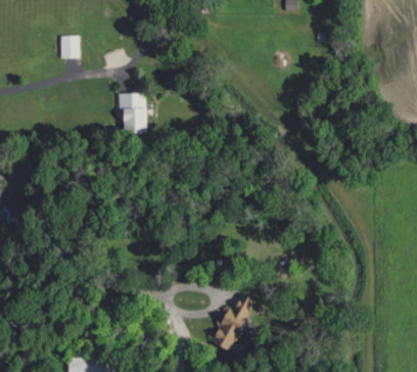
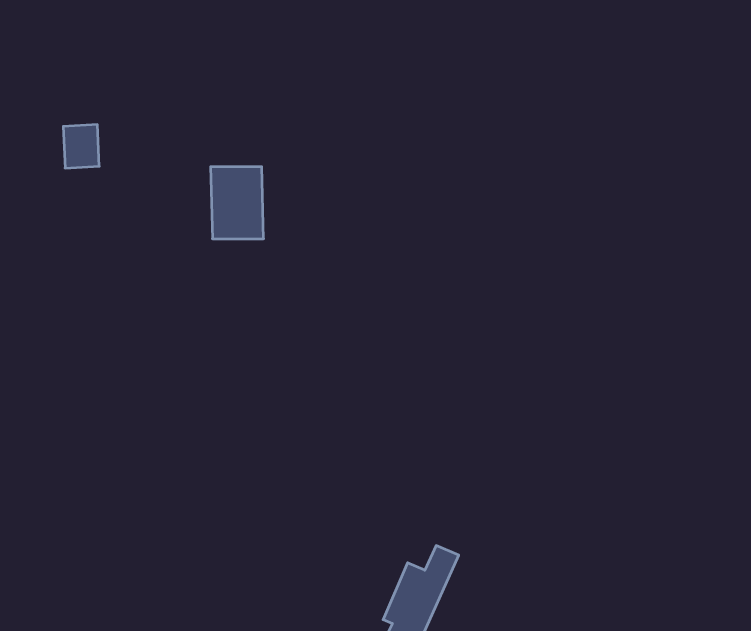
building: [61,36,81,59] -> [63,125,99,168]

